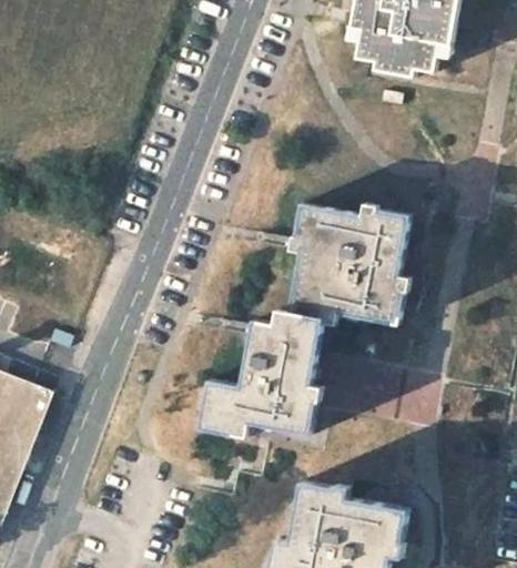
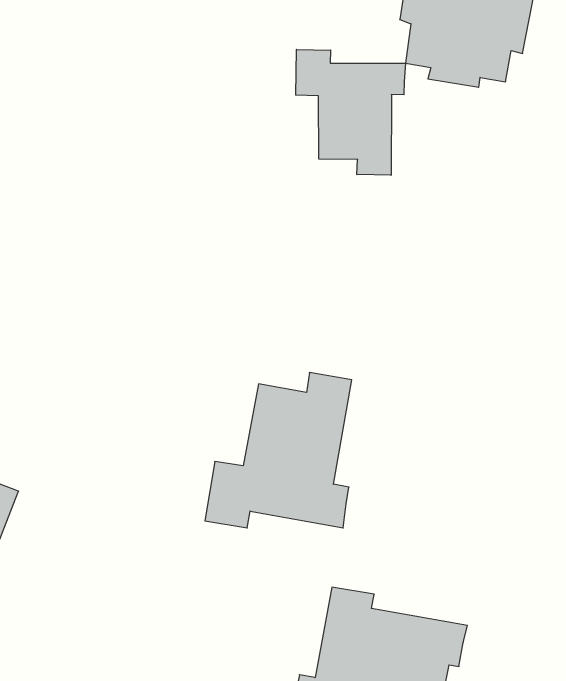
building: none -> [296,49,405,175]
building: [286,201,409,316] -> none

